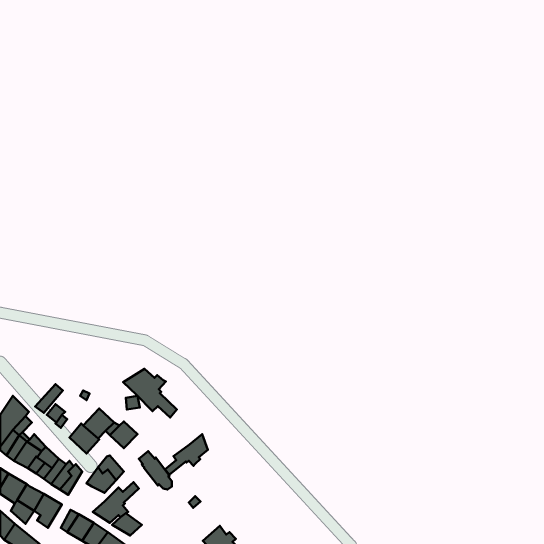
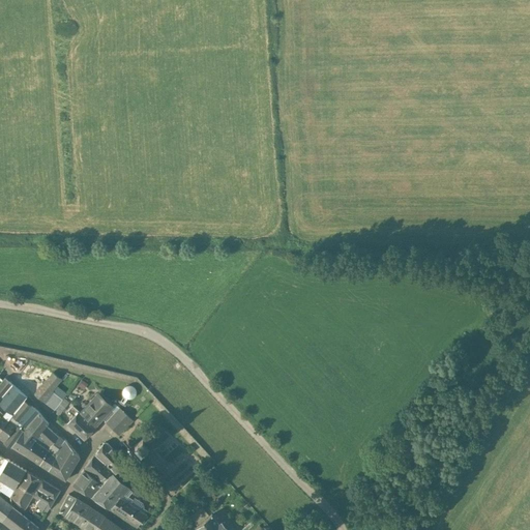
building: [123,369,177,417] -> none
building: [165,434,208,474] -> none
building: none -> [73,470,102,498]

